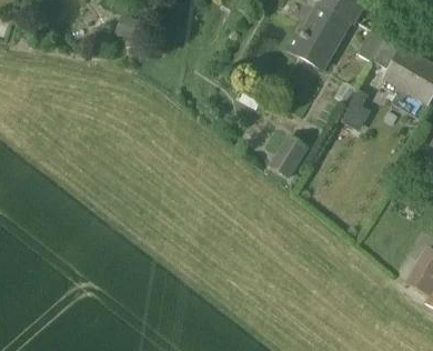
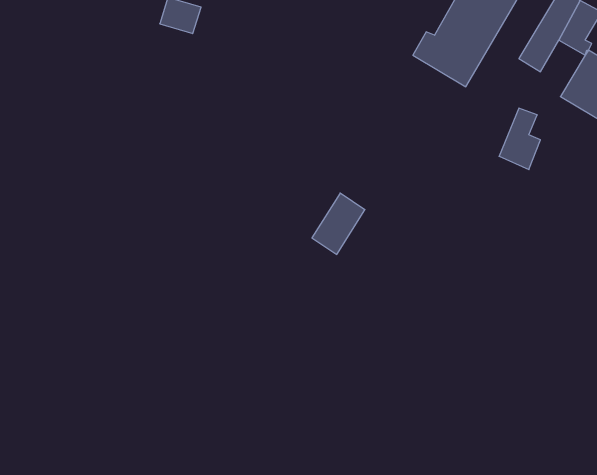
building: [271,133,306,174] -> [312,193,365,254]

